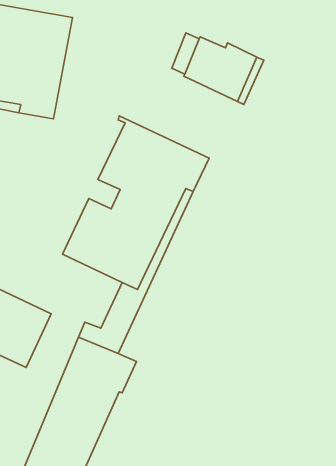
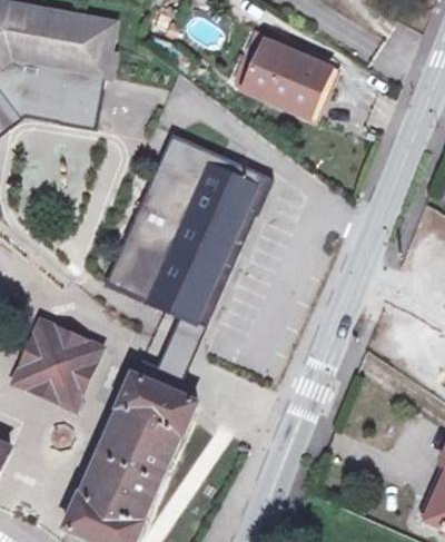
building: none -> [103,134,180,282]

